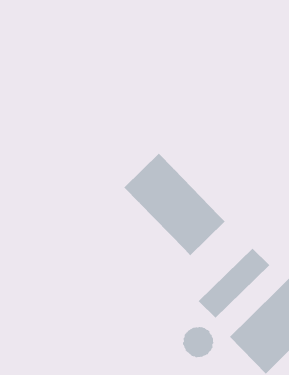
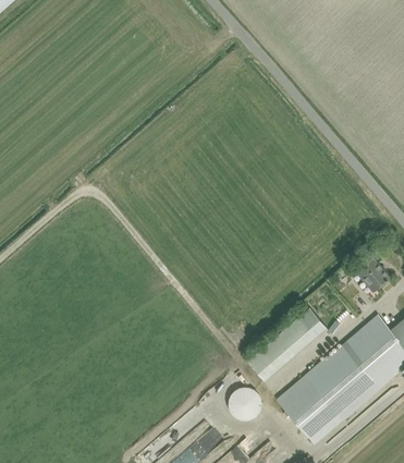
building: [124,153,225,256] -> none

